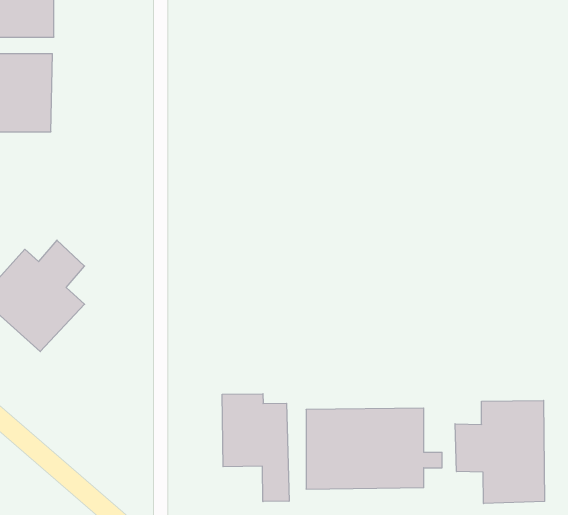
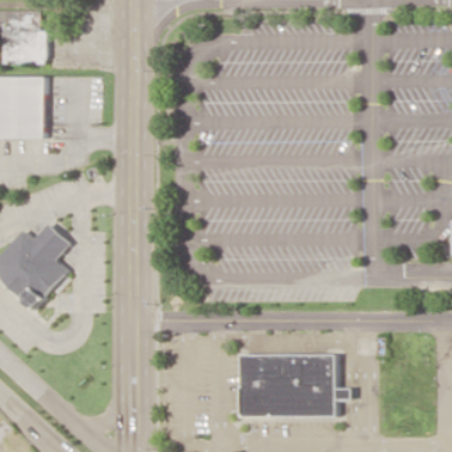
building: [222,394,289,502] -> none
building: [455,400,545,504] -> none

